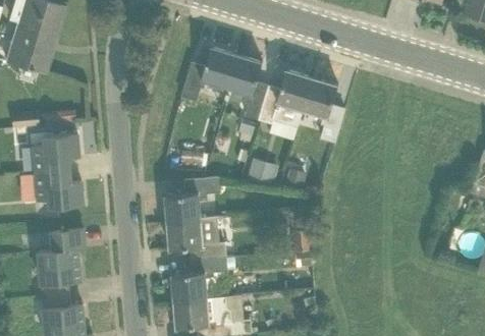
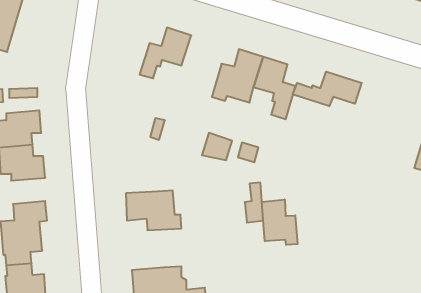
building: [225,56,267,144] -> none
building: none -> [293,72,362,106]
building: [164,178,220,221] -> none
building: none -> [262,199,298,245]
building: [171,256,242,301] -> none

